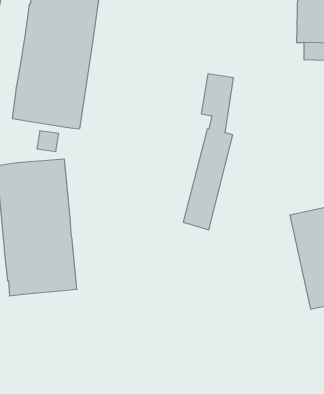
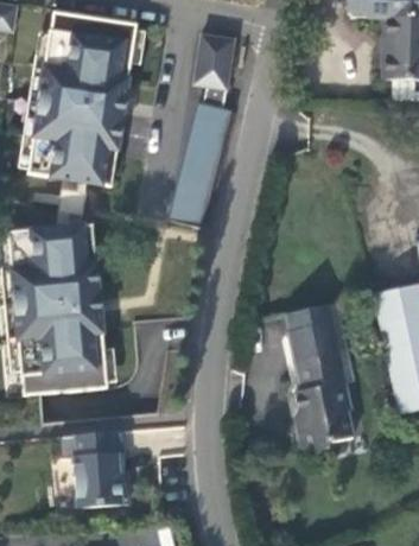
building: [183,74,234,230] -> [170,33,233,228]
building: none -> [282,301,354,451]
building: none -> [58,430,127,507]

